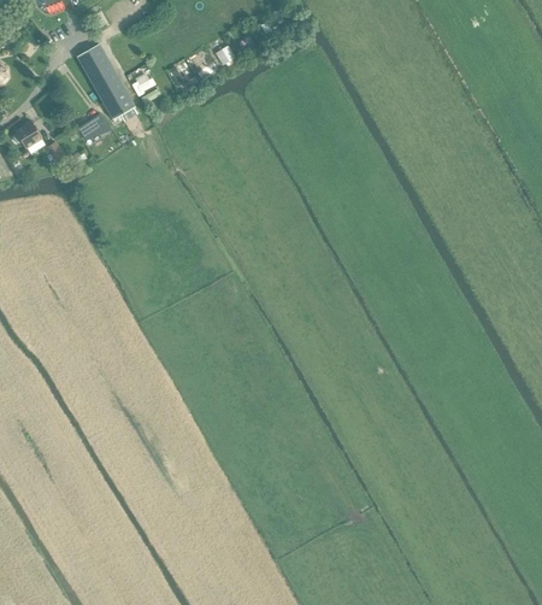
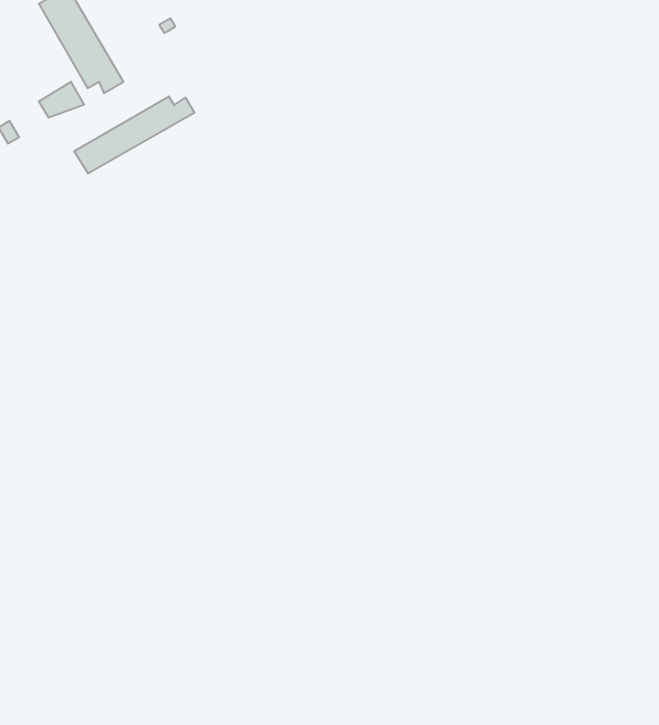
building: none -> [74,96,194,174]

